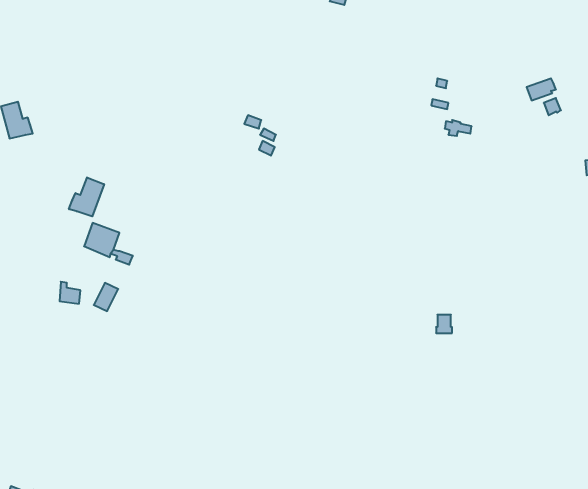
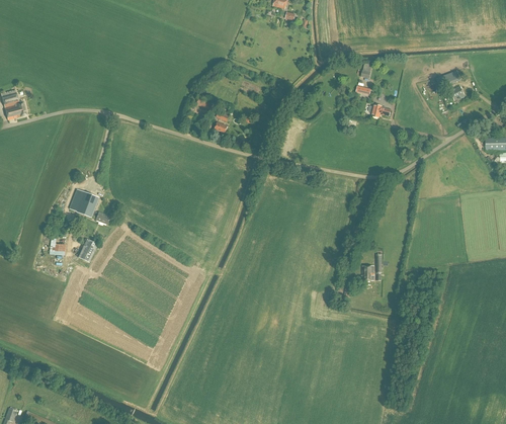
building: [69,177,104,216] -> none

